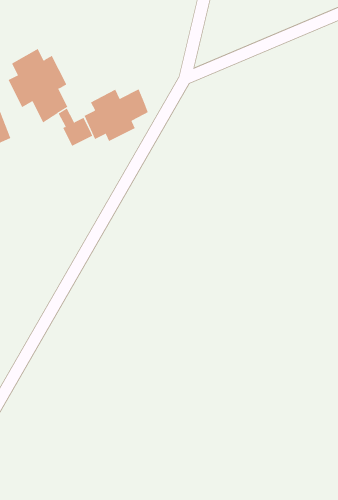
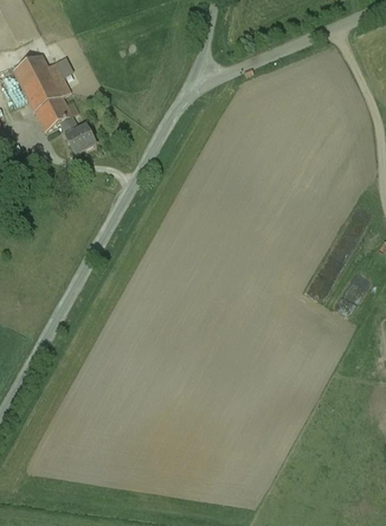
building: [84,88,149,142] -> none

